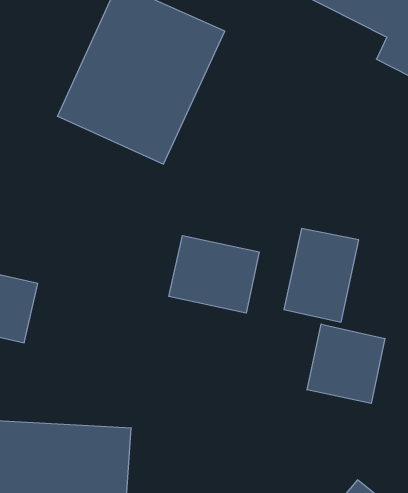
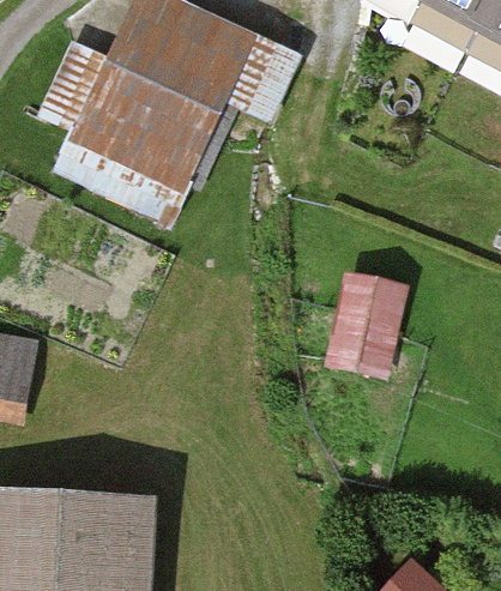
building: [169,236,259,313] -> none
building: [307,324,385,403] -> none

